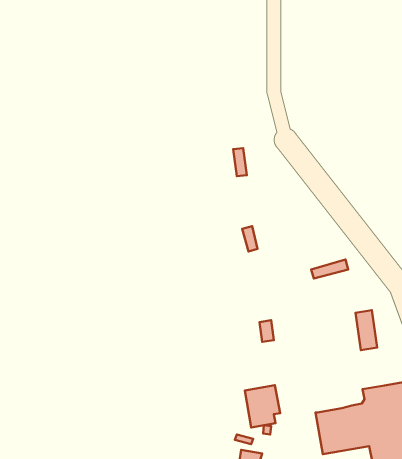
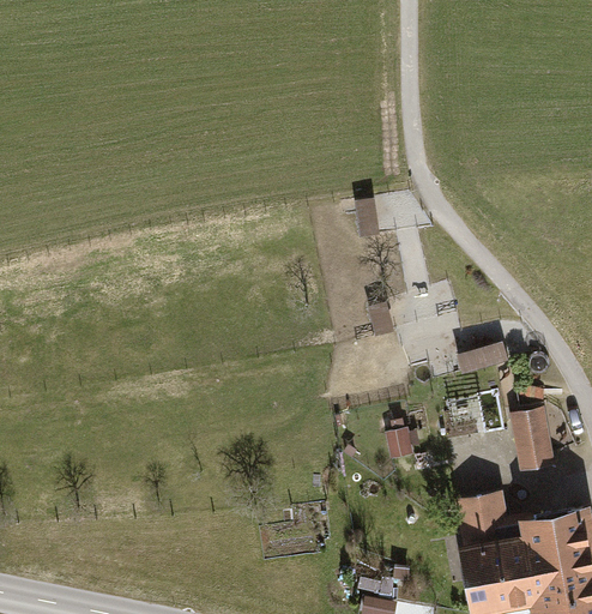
building: [245,385,280,428] -> [458,493,505,549]

